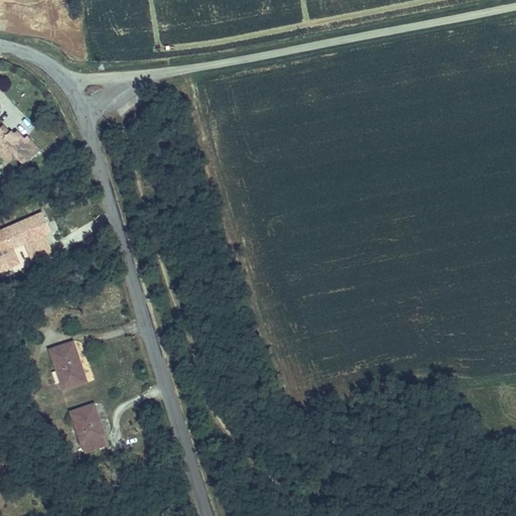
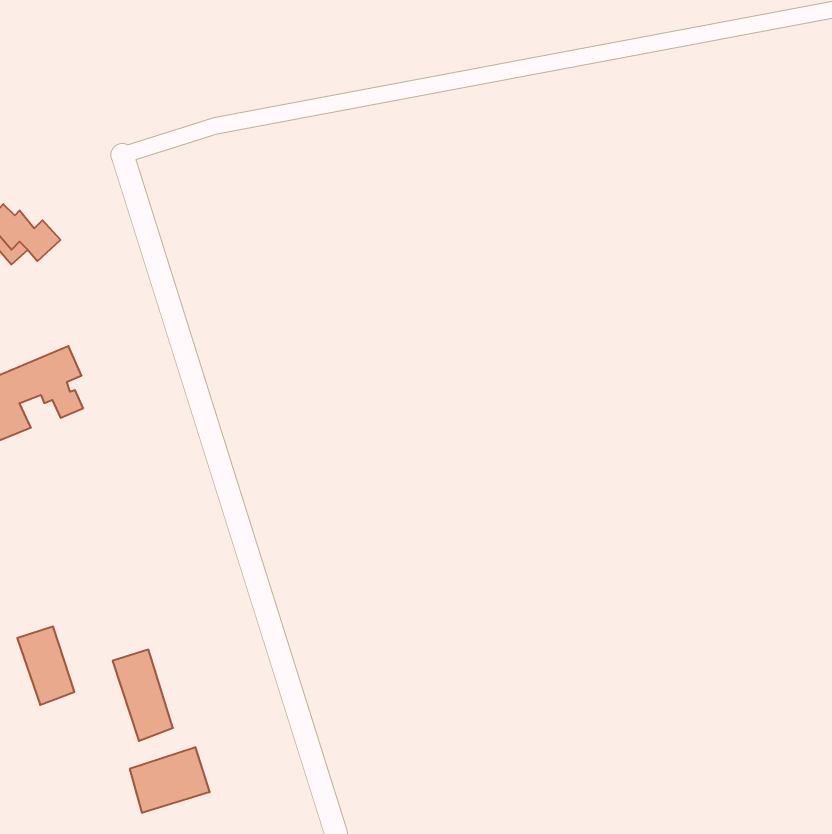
building: [48,340,84,388] -> [17,627,74,705]
building: none -> [130,747,210,813]

